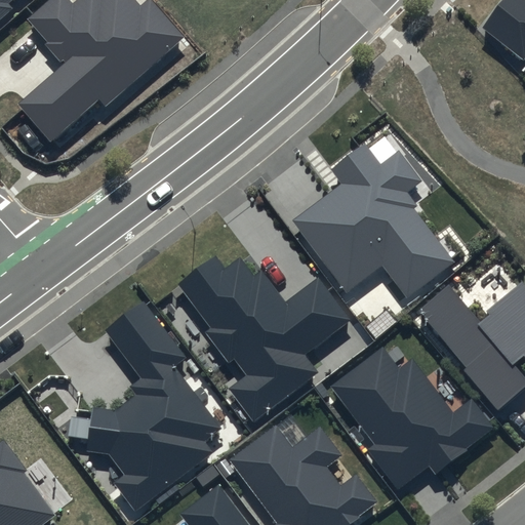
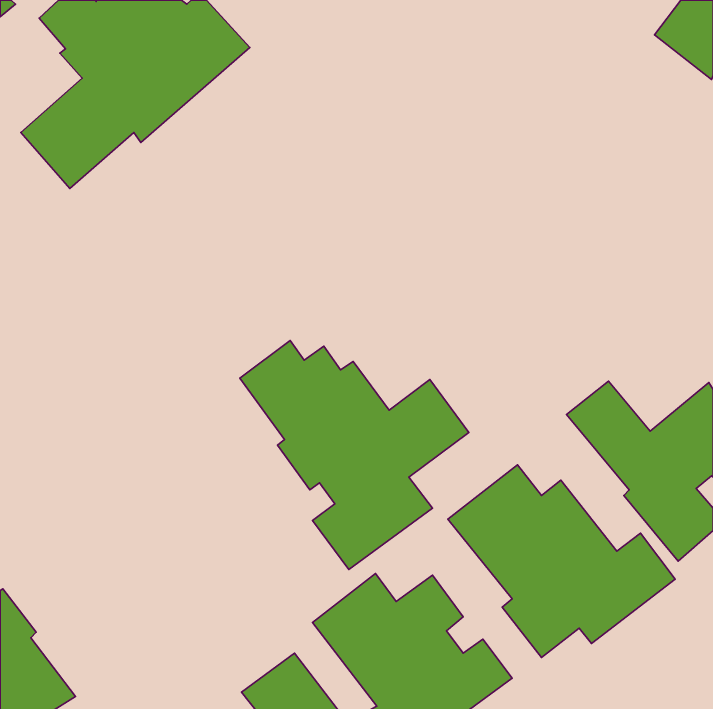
building: [295,145,455,297] -> none
building: [86,297,218,513] -> none

